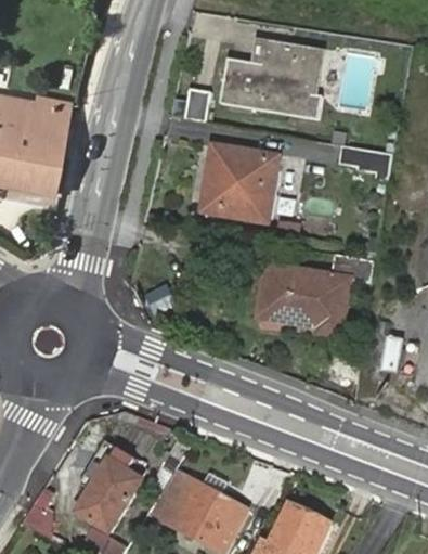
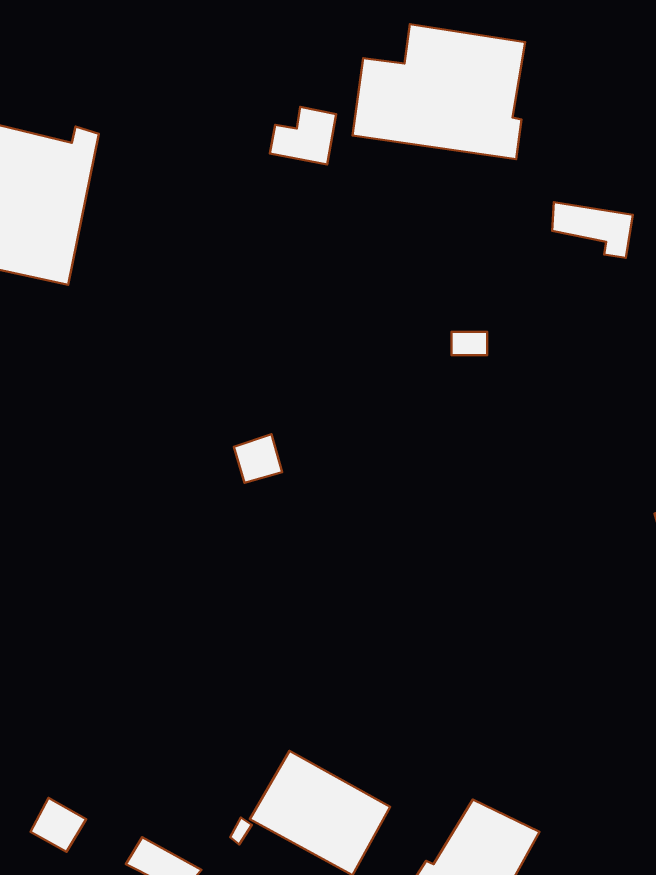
building: [203,144,275,217] -> none
building: [261,254,372,333] -> none
building: [74,455,142,532] -> none

